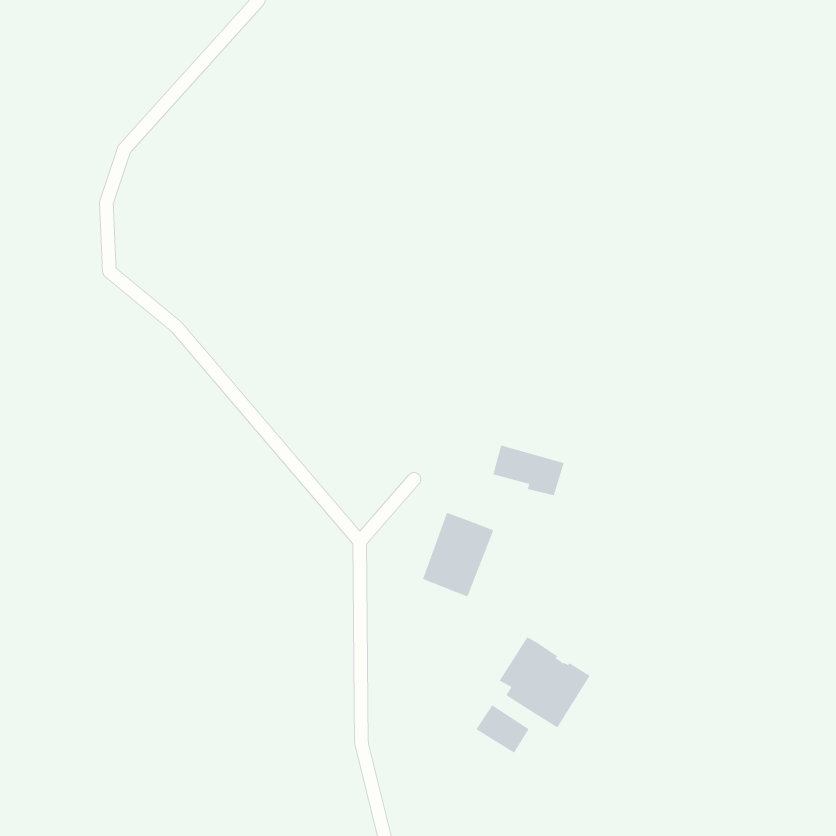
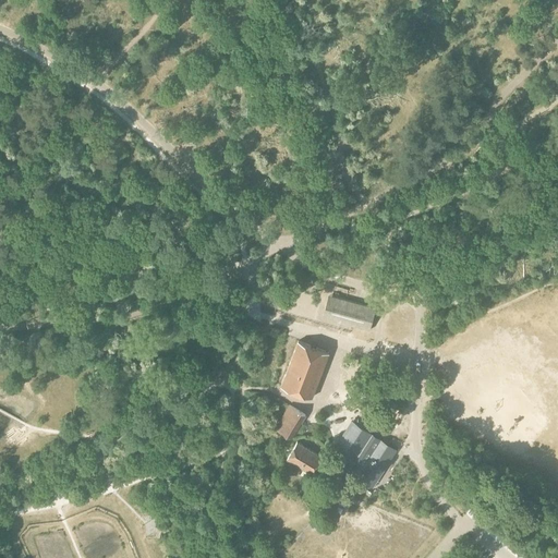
building: none -> [275,404,305,438]
building: [475,705,529,754] -> [287,441,323,474]

